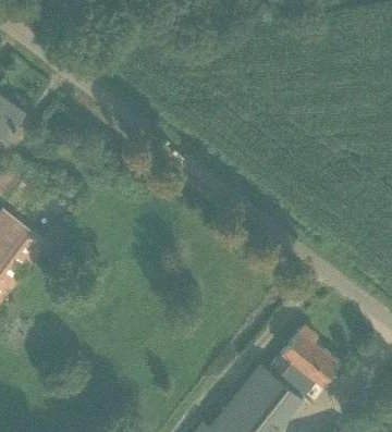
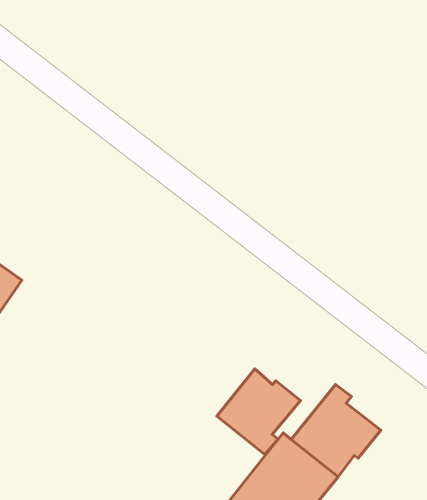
building: none -> [217,369,301,455]

